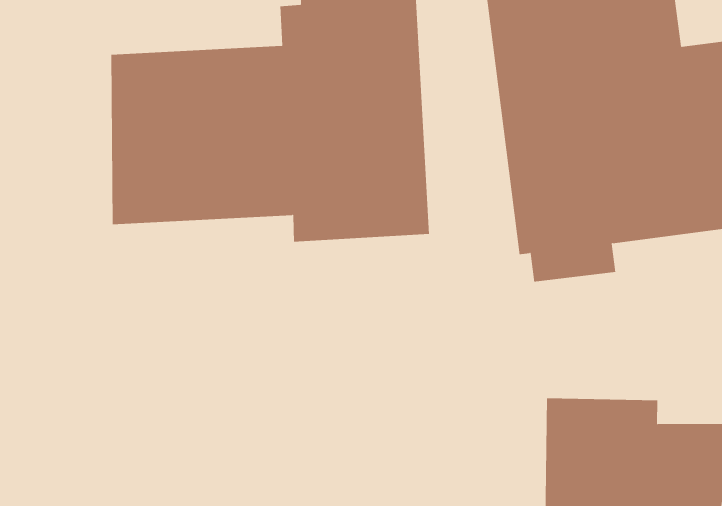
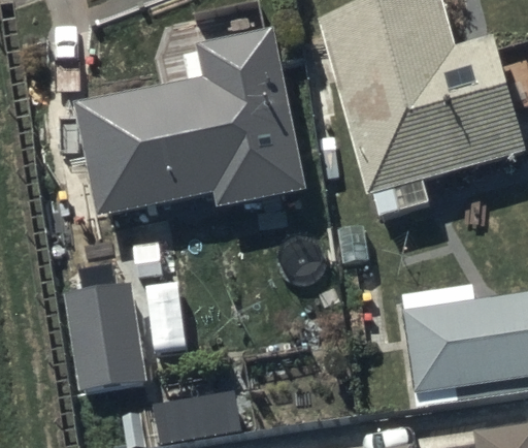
building: none -> [67,286,146,393]

